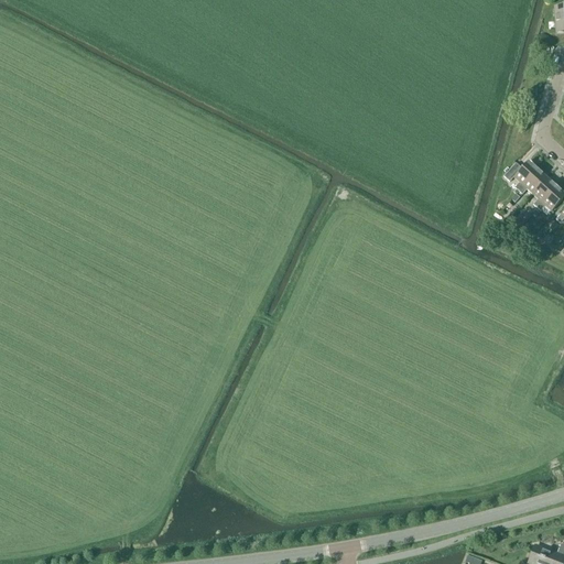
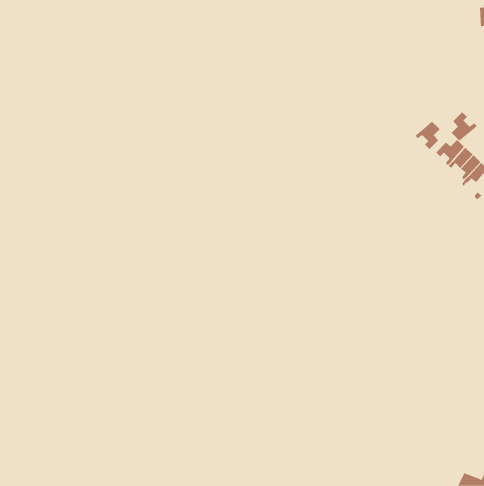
building: none -> [451,111,477,141]
building: none -> [415,121,440,150]

